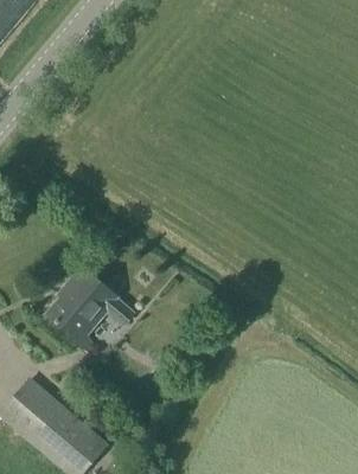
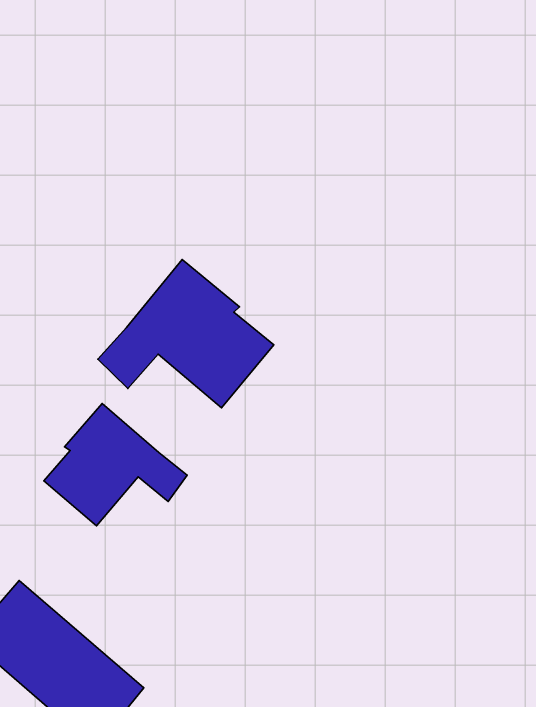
building: none -> [98,260,274,408]

